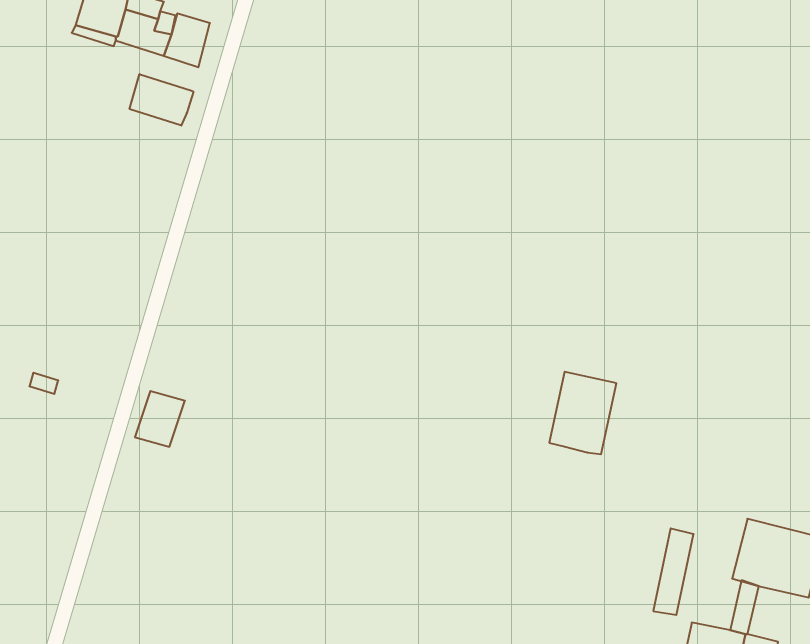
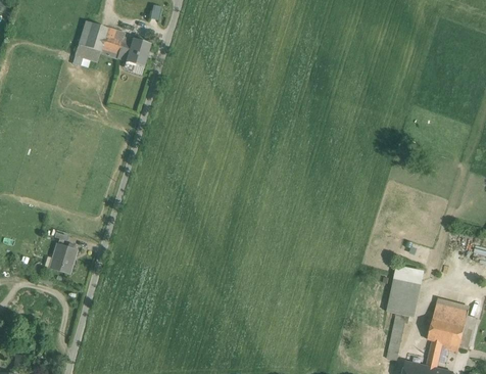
building: [130,74,193,126] -> none
building: [549,372,616,454] -> [386,272,422,316]
building: [135,391,185,447] -> [49,243,76,273]

